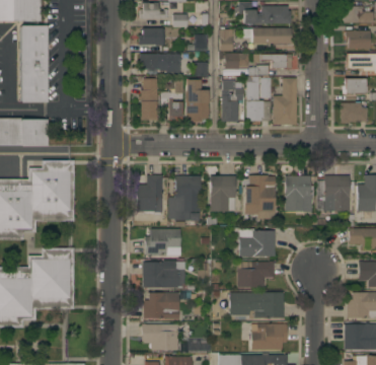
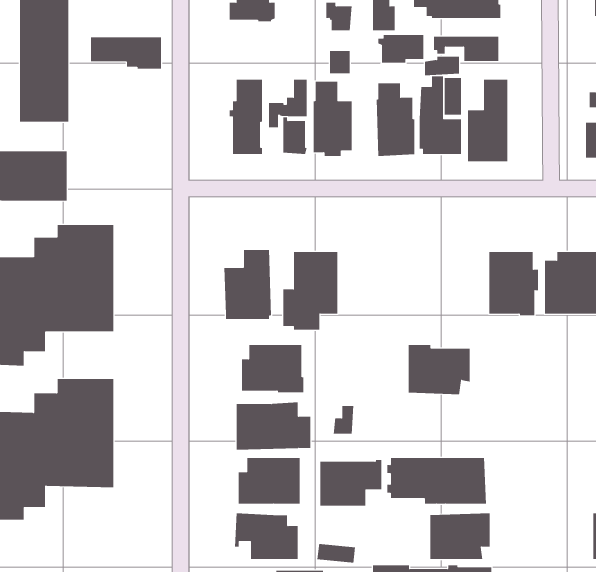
building: [140,54,180,72] -> [90,37,162,69]
building: [245,174,276,219] -> none
building: [211,175,236,211] -> none
building: [238,261,274,287] -> [319,459,382,506]

